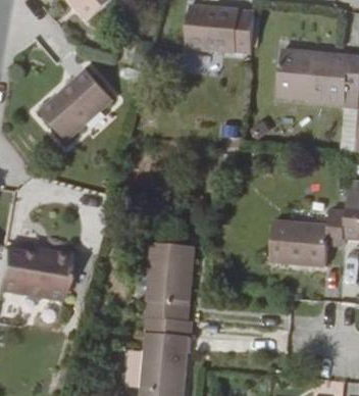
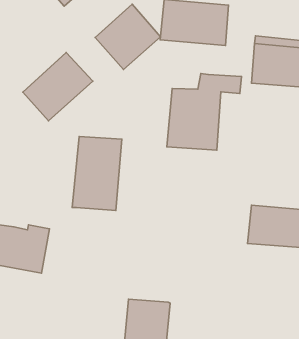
building: none -> [95,4,161,69]
building: none -> [167,73,242,150]
building: [145,246,196,323] -> [72,136,122,211]

